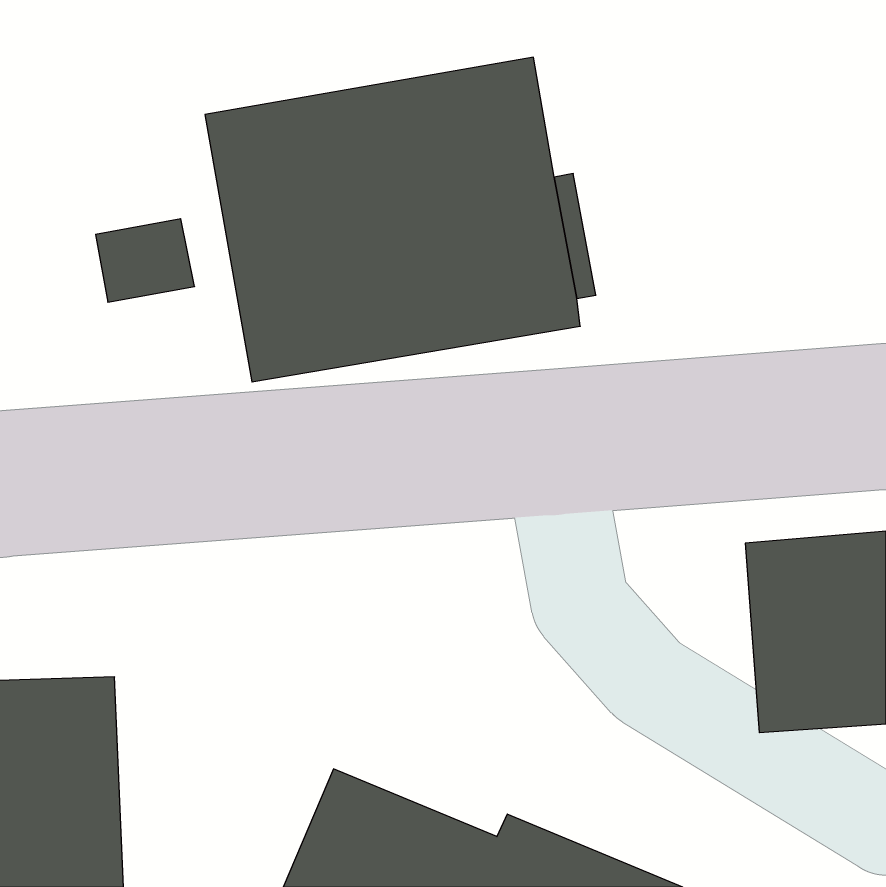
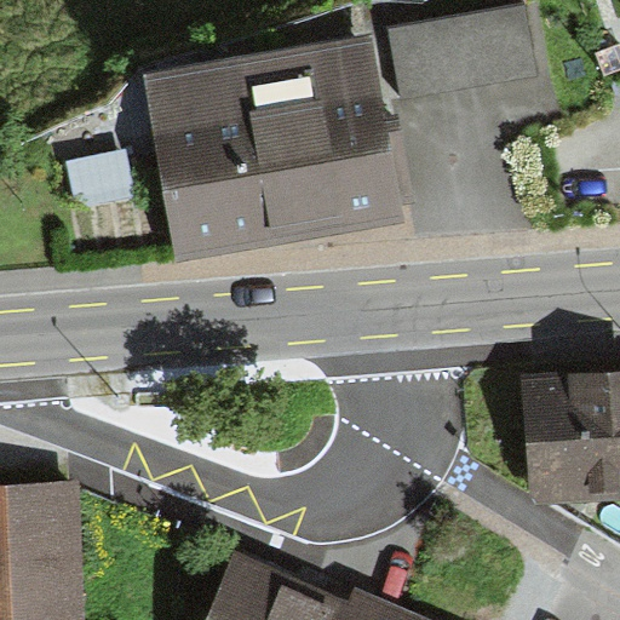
building: none -> [388,7,540,104]

